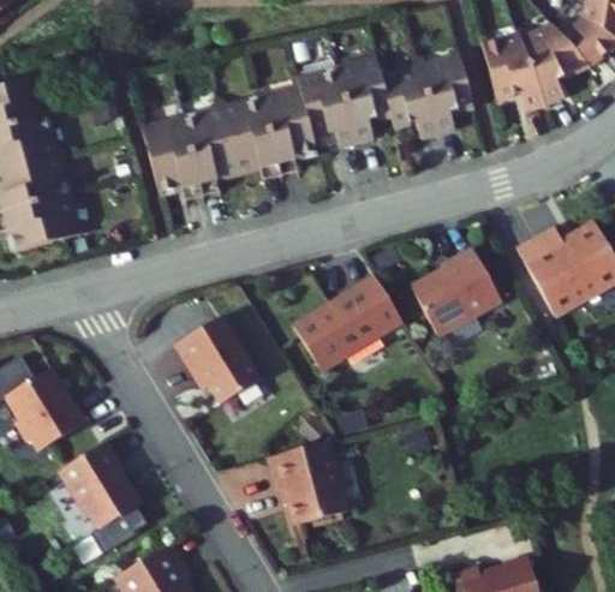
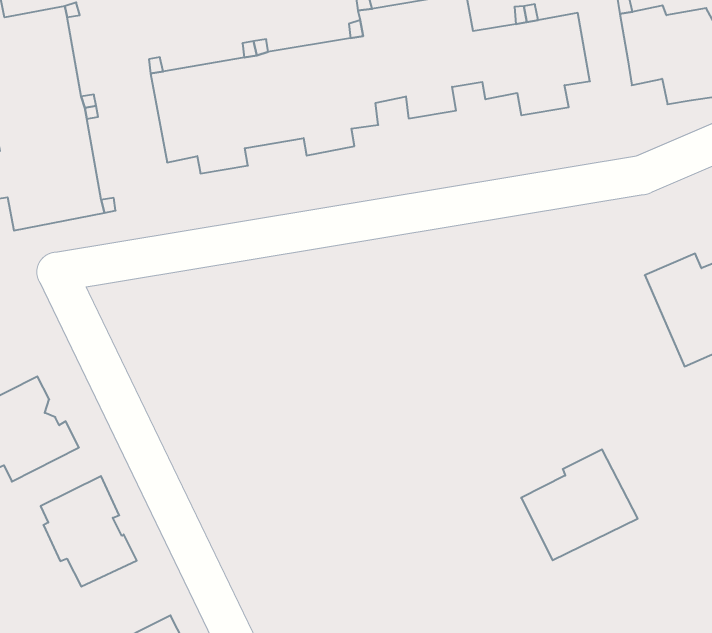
building: [418,247,509,336] -> [521,449,638,560]
building: [299,276,410,373] -> none
building: [180,321,265,408] -> none
building: [274,443,353,527] -> none

